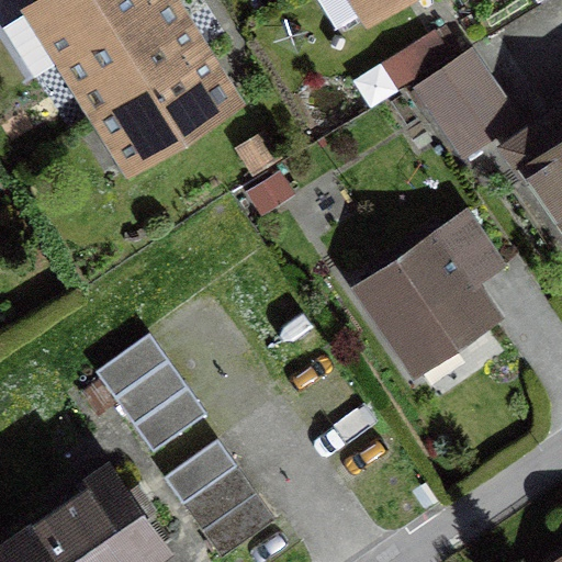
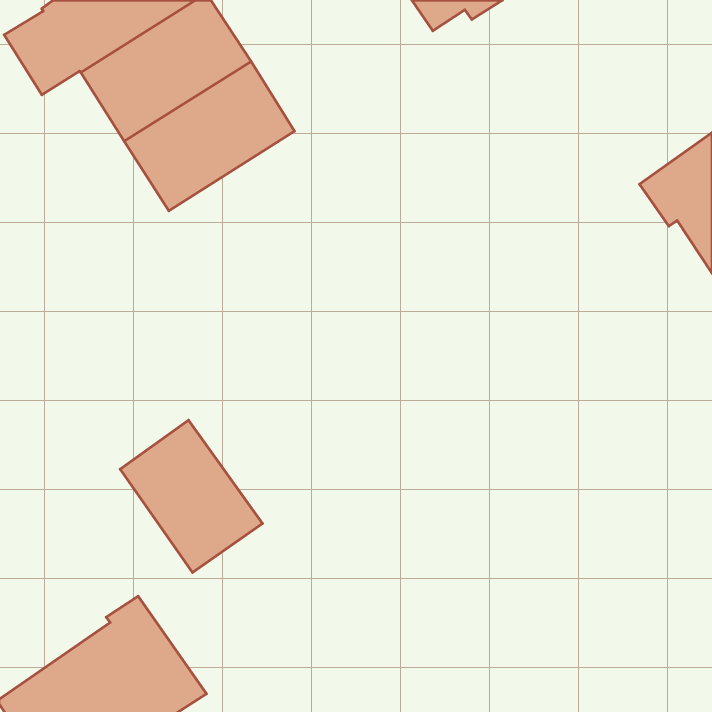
building: [416,49,516,153] -> none
building: [362,216,502,370] -> none
building: [162,437,274,557] -> none

